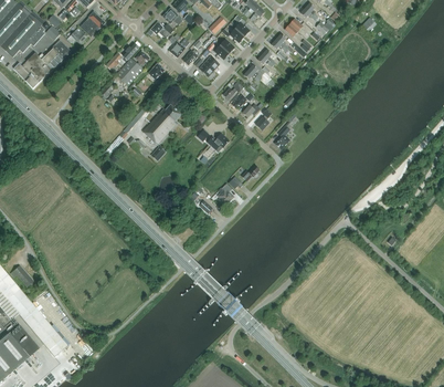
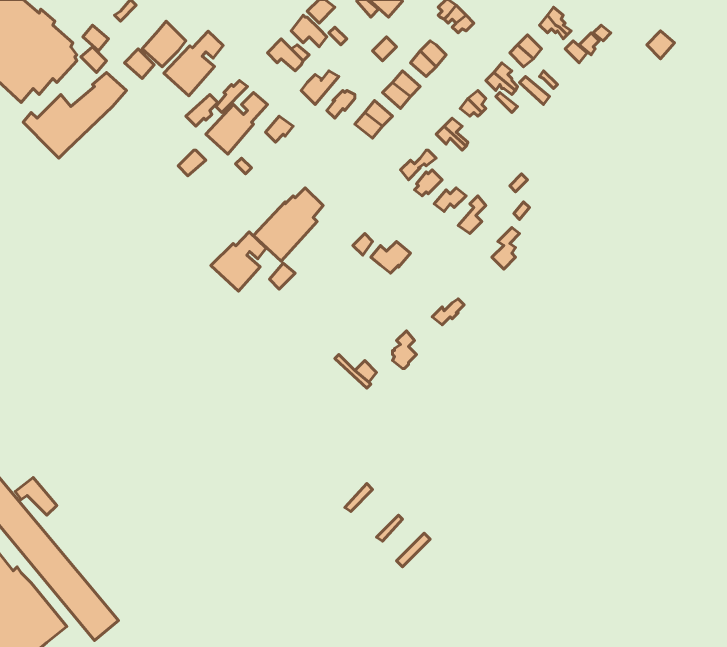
building: none -> [164,31,223,96]
building: none -> [211,232,266,291]

